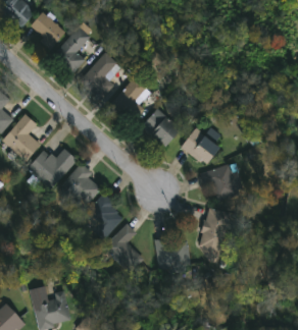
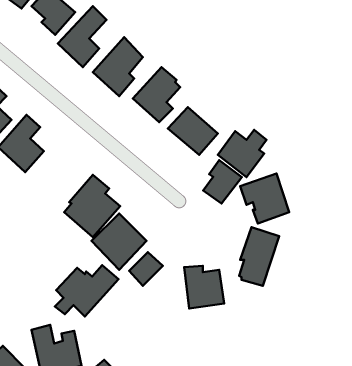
building: [26,149,78,190] -> [55,265,119,317]
building: none -> [203,160,242,203]

